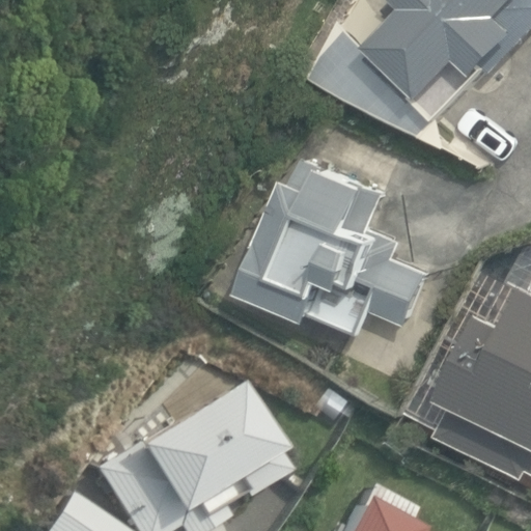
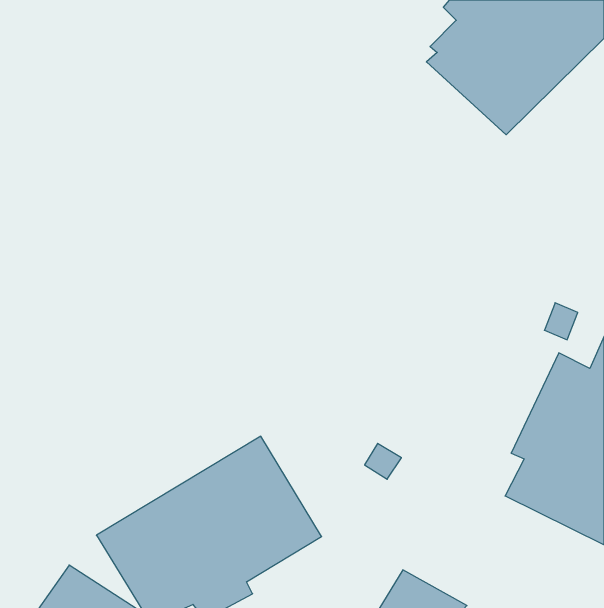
building: [251,160,425,327] -> none

